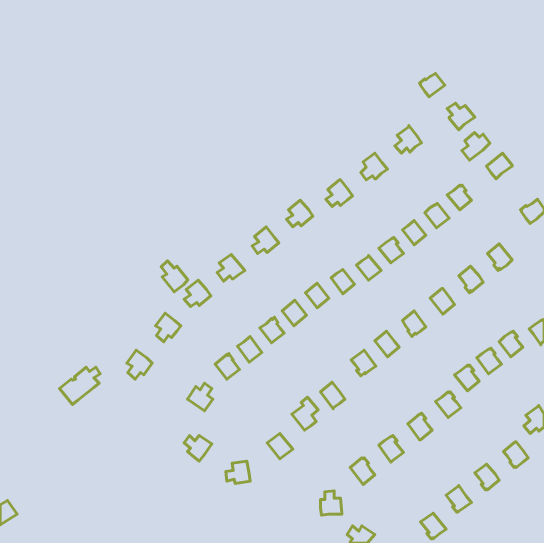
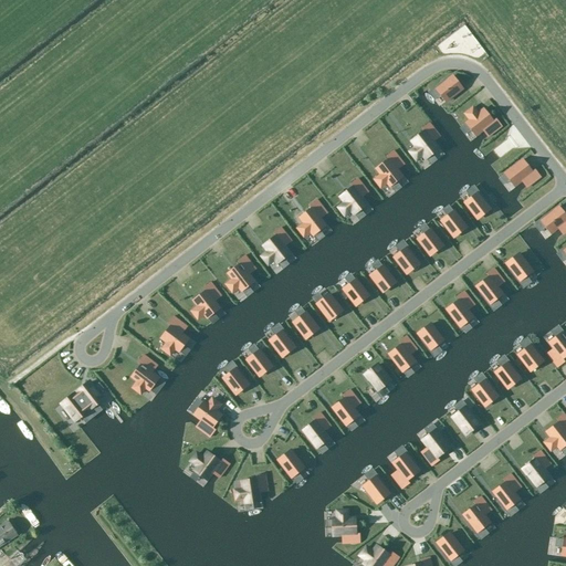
building: [462,132,490,160] -> none
building: [161,261,188,292] -> none

